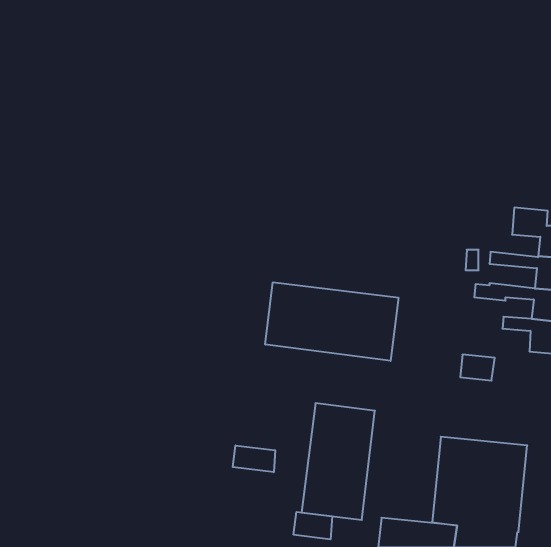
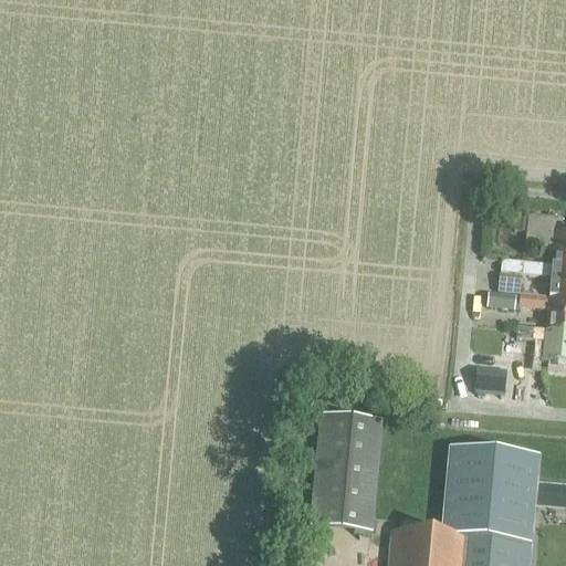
building: [265,282,398,361] -> none
building: [233,445,275,472] -> none
building: [294,512,332,539] -> none

